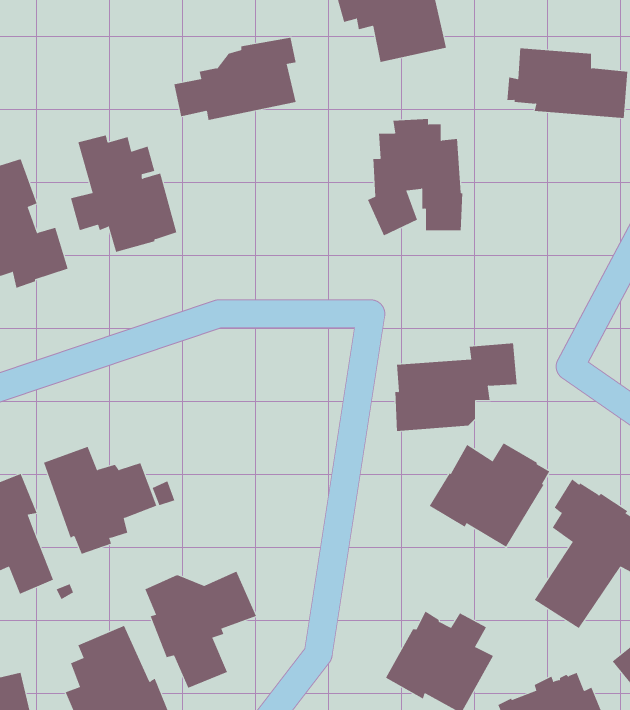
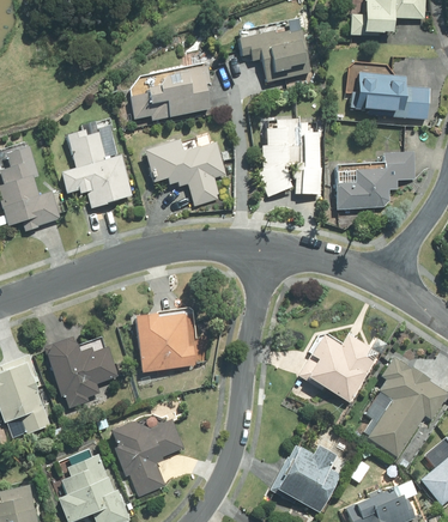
building: none -> [144,139,226,205]
building: [394,343,518,431] -> [334,151,416,210]
building: none -> [134,312,195,372]

